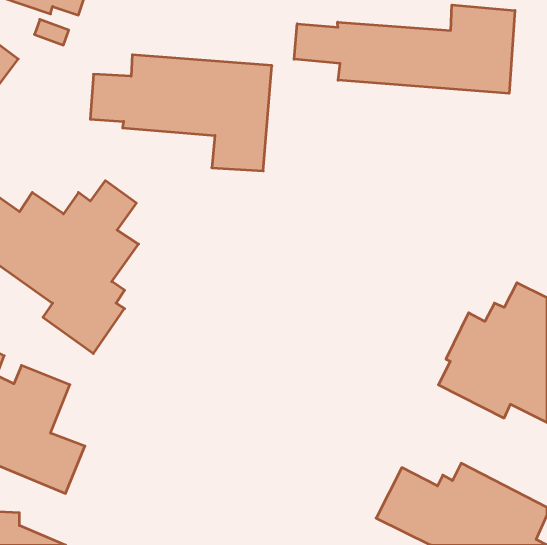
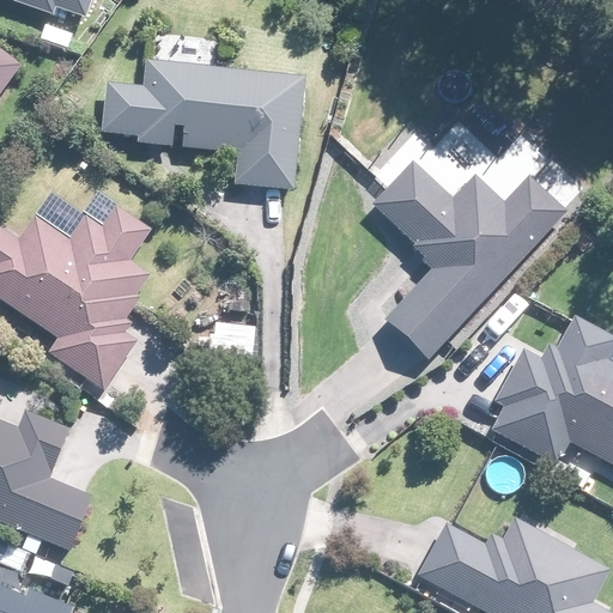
building: [294,5,515,93] -> none
building: none -> [371,159,564,359]

